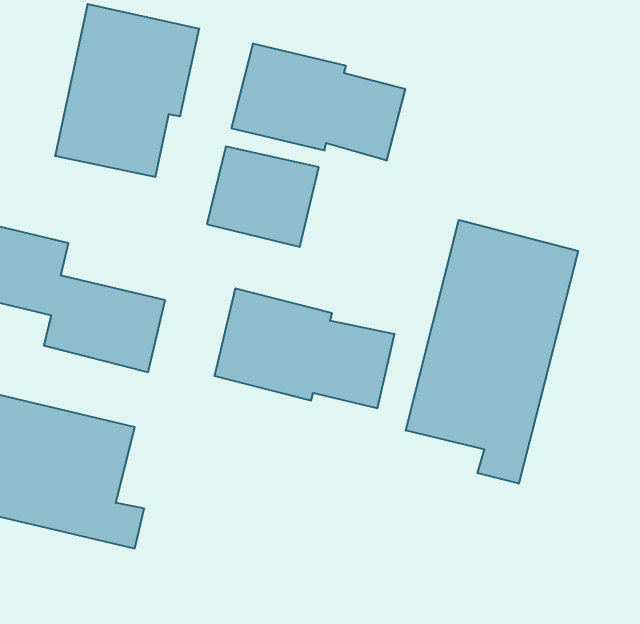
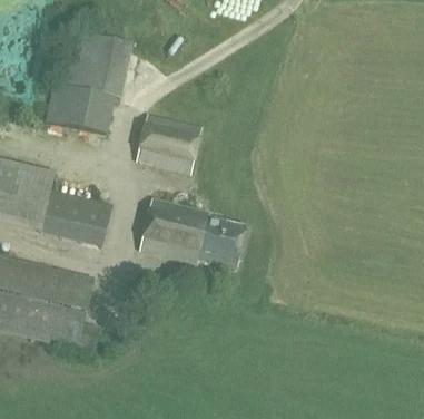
building: [231,43,405,161] -> none
building: [406,220,578,484] -> none

